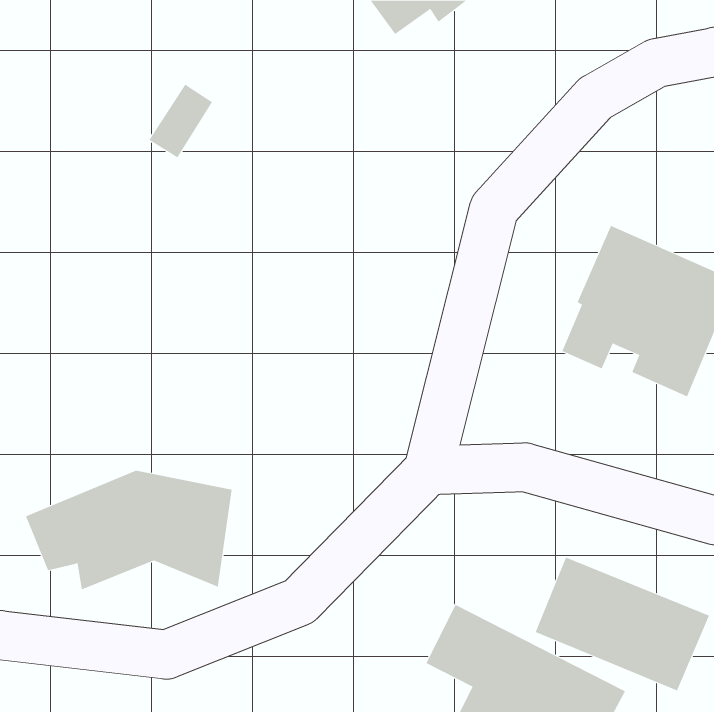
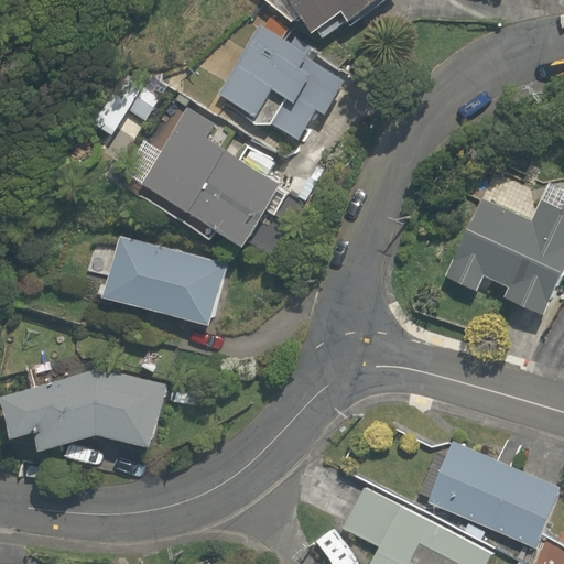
building: none -> [221,26,348,141]
building: none -> [142,105,275,242]
building: none -> [88,234,225,323]

